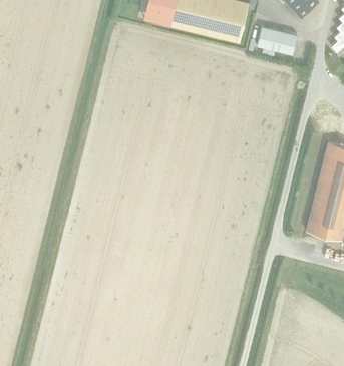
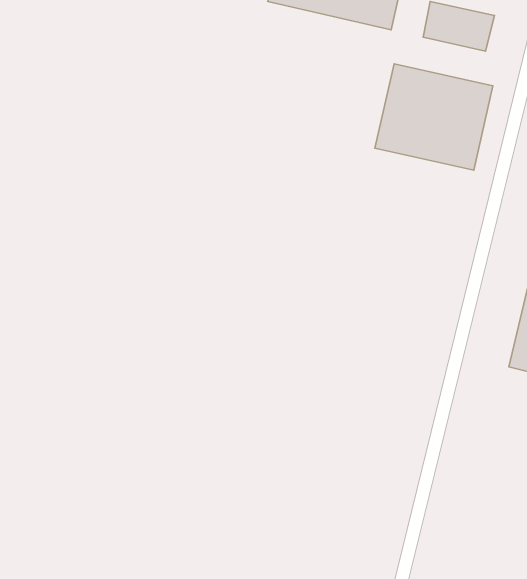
building: none -> [375,64,493,170]

